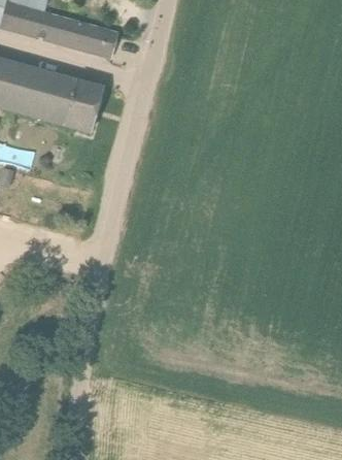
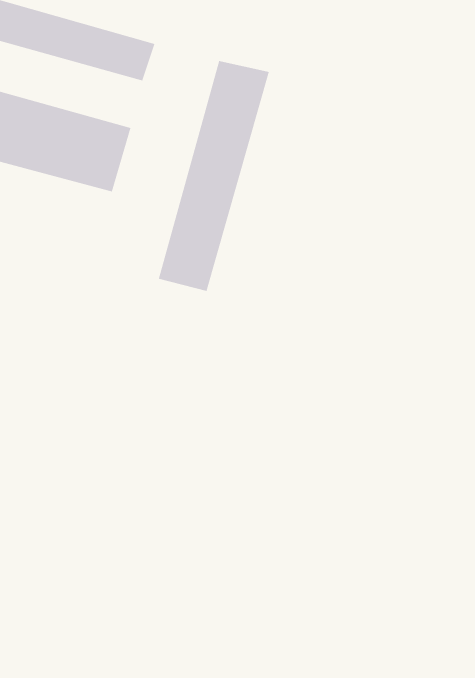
building: none -> [158,60,270,292]

